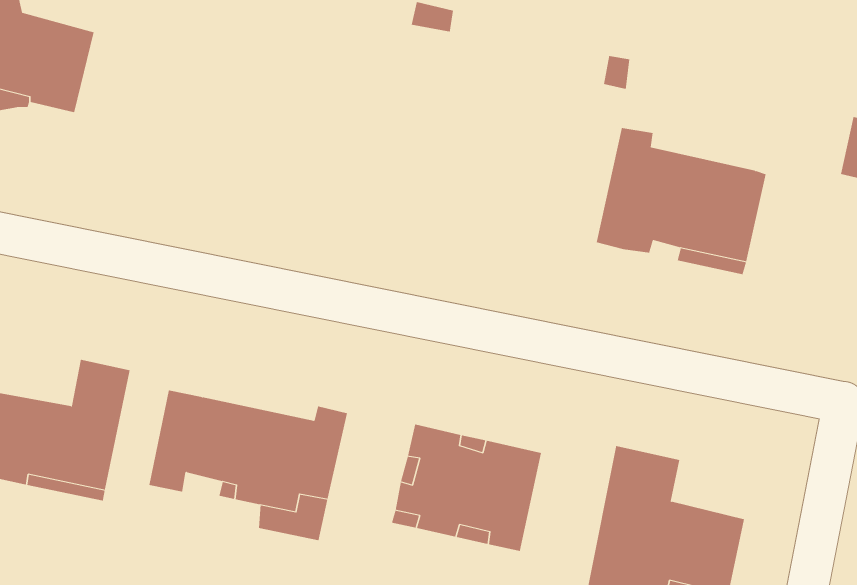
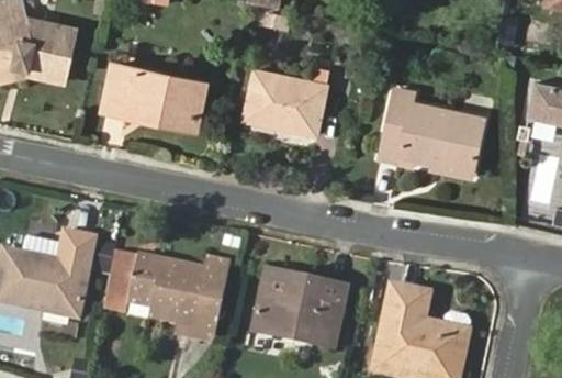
building: none -> [105,64,203,130]
building: none -> [244,70,327,133]

